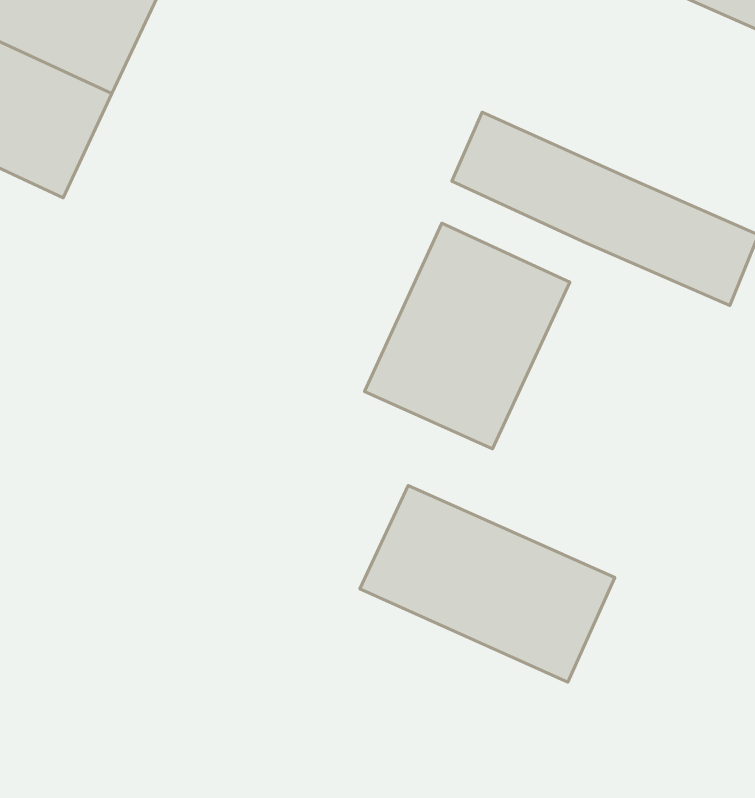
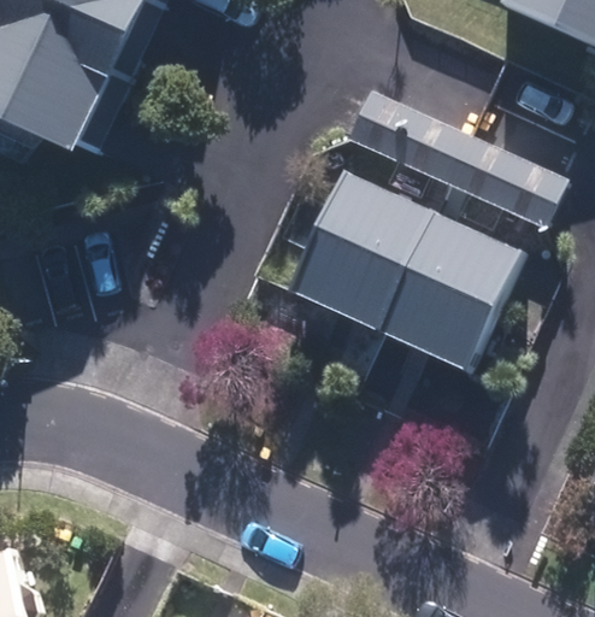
building: none -> [379,212,524,372]
building: [360,485,615,682] -> none

